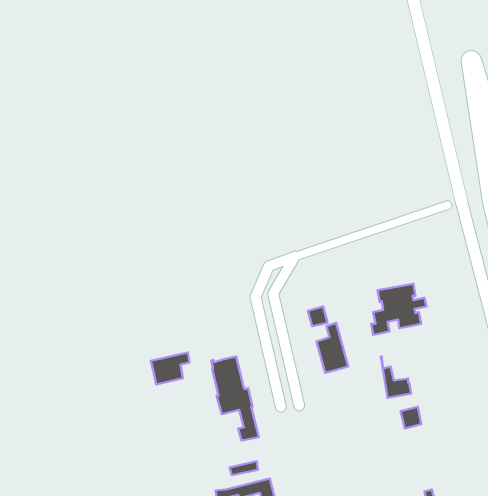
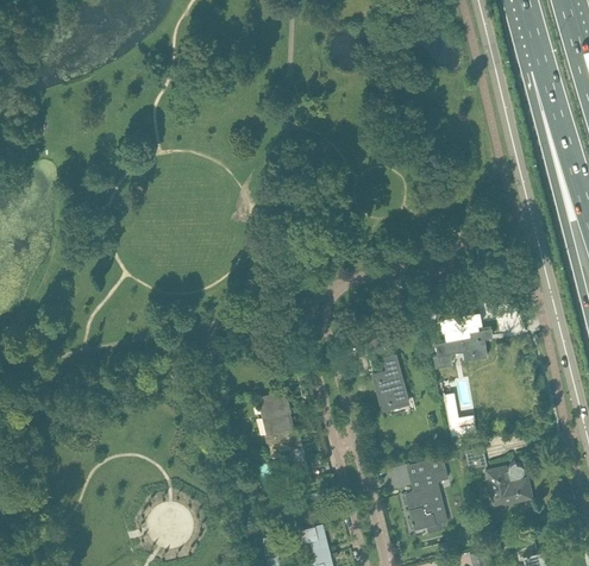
building: [151,352,190,385] -> none
building: none -> [406,458,449,532]
building: none -> [487,463,532,508]

